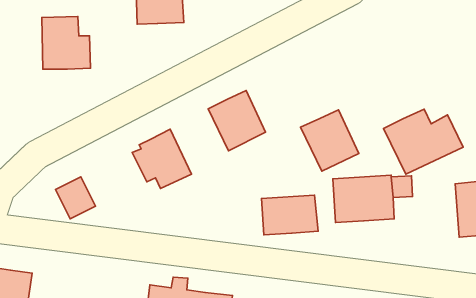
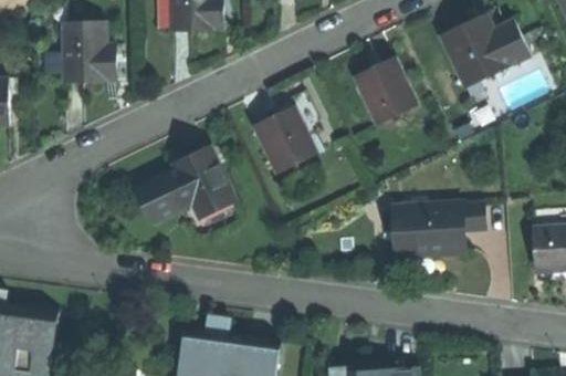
building: [383,109,463,174] -> [440,14,531,88]
building: [300,110,359,171] -> [353,56,419,126]
building: [56,177,95,219] -> [137,177,182,224]
building: [261,195,318,235] -> none

